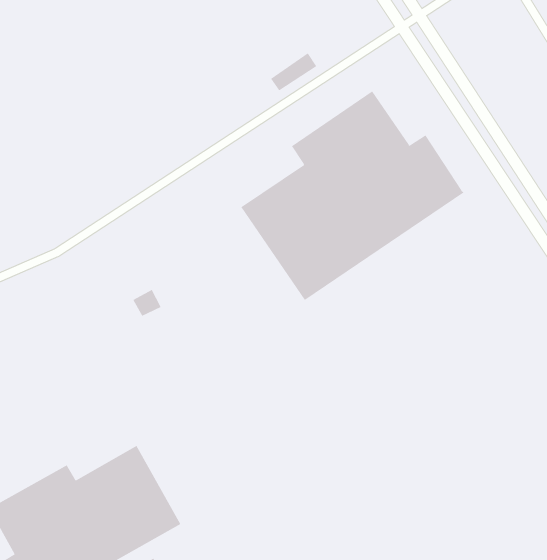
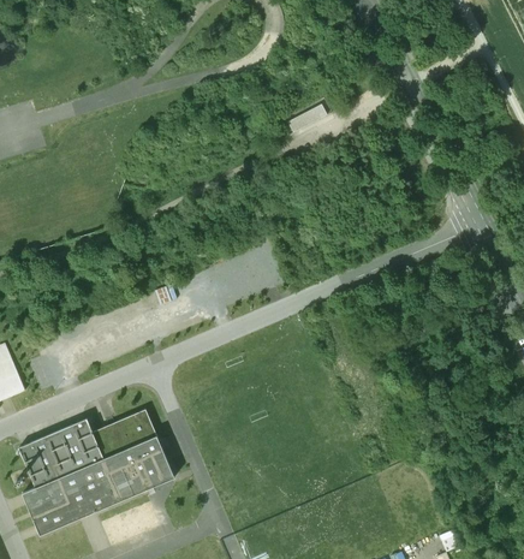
building: [240,90,465,301] -> none

